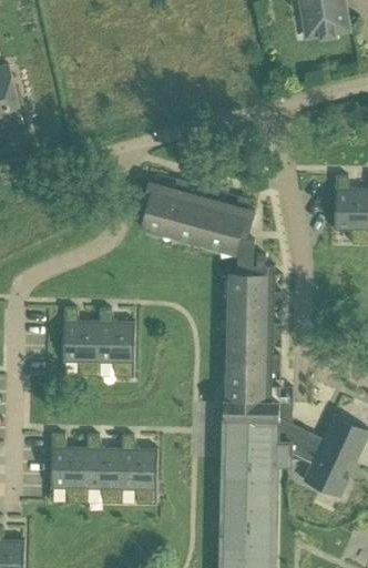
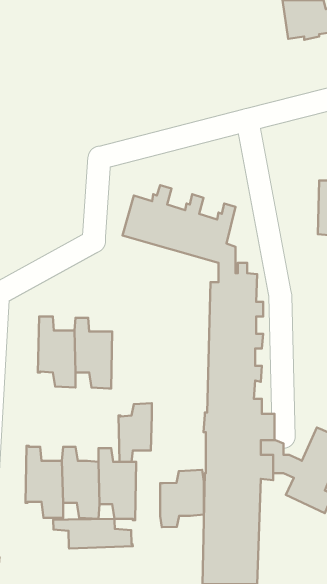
building: none -> [119,403,152,462]
building: none -> [160,470,204,527]
building: none -> [53,519,133,549]

